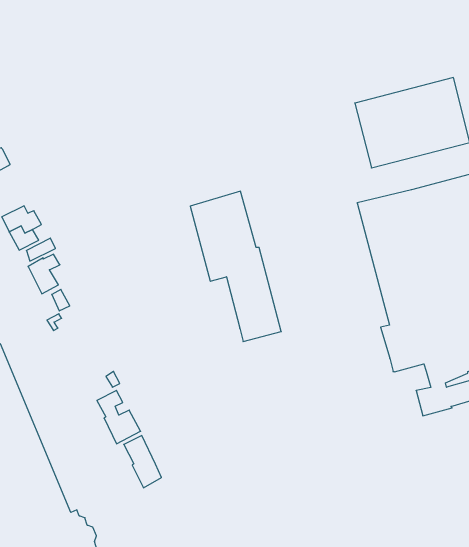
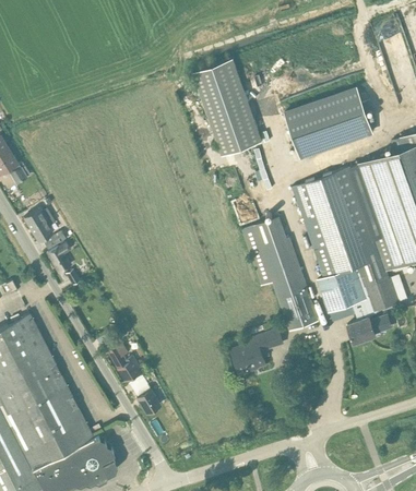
building: none -> [192,59,262,156]
building: [190,191,281,342] -> [241,217,318,331]
building: none -> [230,330,283,375]

